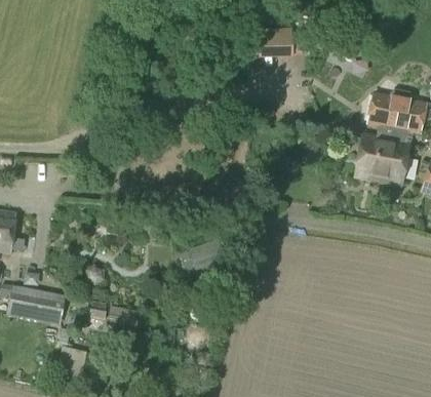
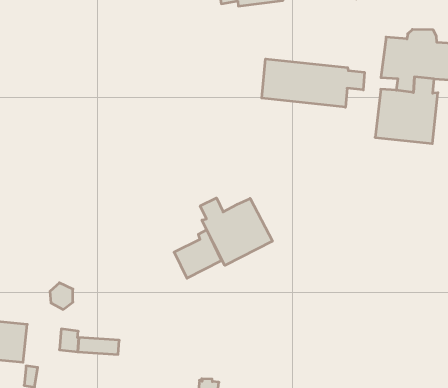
building: none -> [262,59,364,107]
building: none -> [200,198,272,265]

